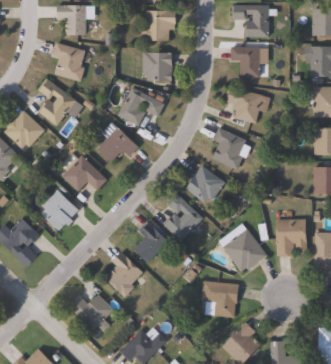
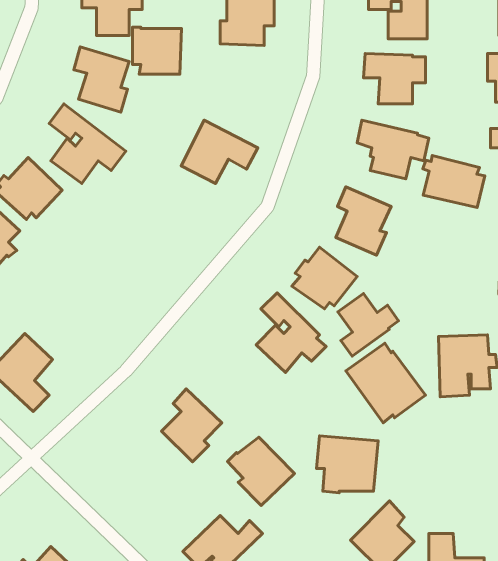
building: [143,52,173,81] -> [133,27,182,74]
building: none -> [423,156,485,208]
building: [97,122,139,163] -> none
building: [60,153,108,192] -> none
building: [41,190,79,231] -> none
building: none -> [338,294,399,356]
building: [134,221,169,263] -> none
building: none -> [227,437,294,505]
building: [68,294,114,331] -> none

